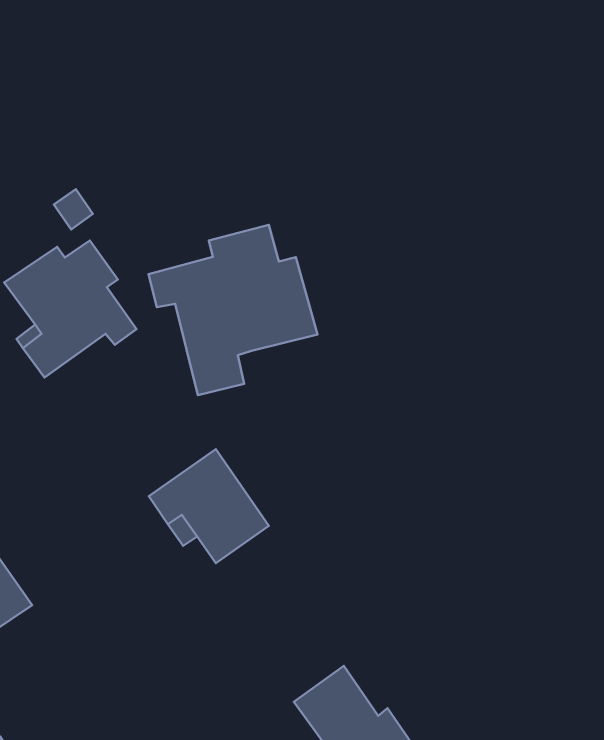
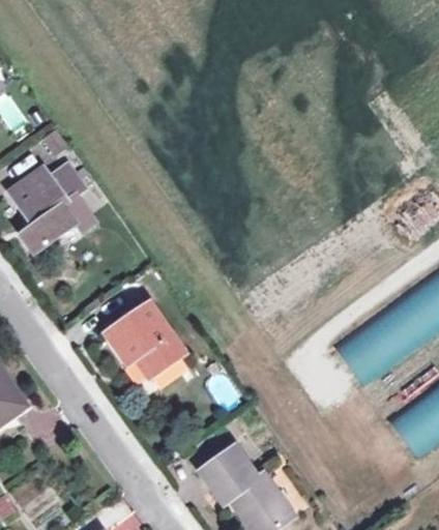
building: [148,225,318,395] -> none

